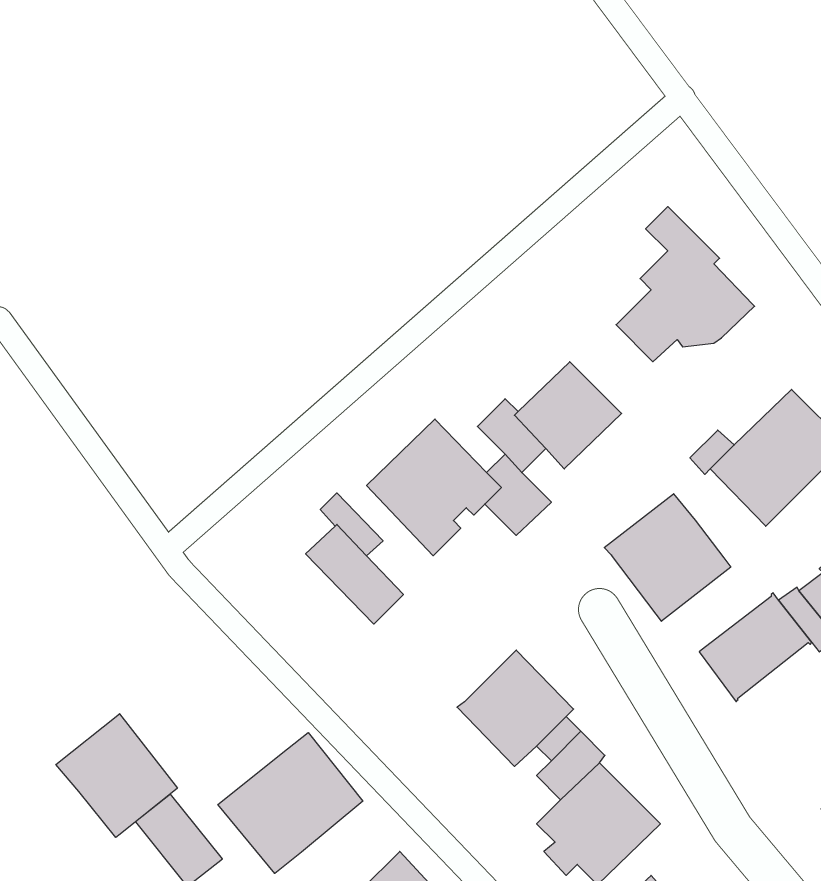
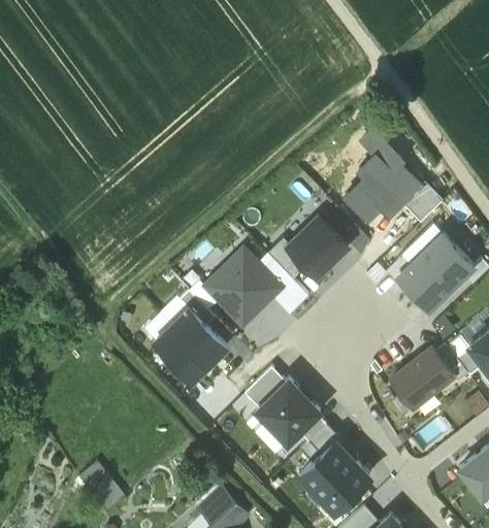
building: none -> [403,184,442,224]
building: [604,494,731,621] -> none
building: none -> [154,327,209,383]
building: none -> [246,369,286,409]
building: [56,714,177,837] -> none
building: [218,733,363,873] -> none

